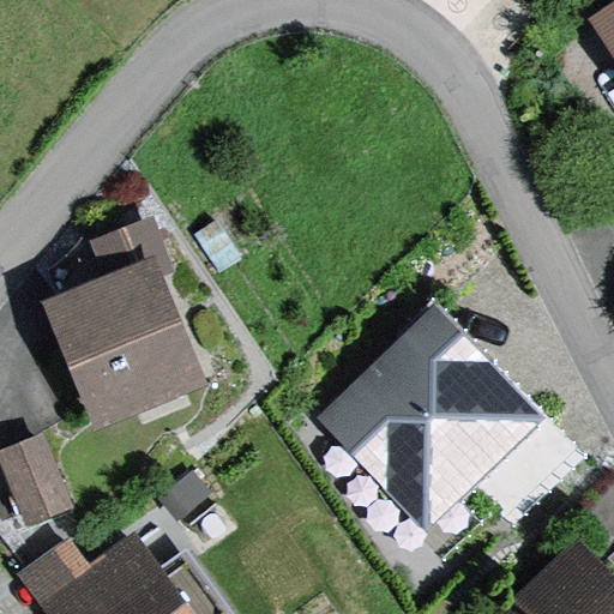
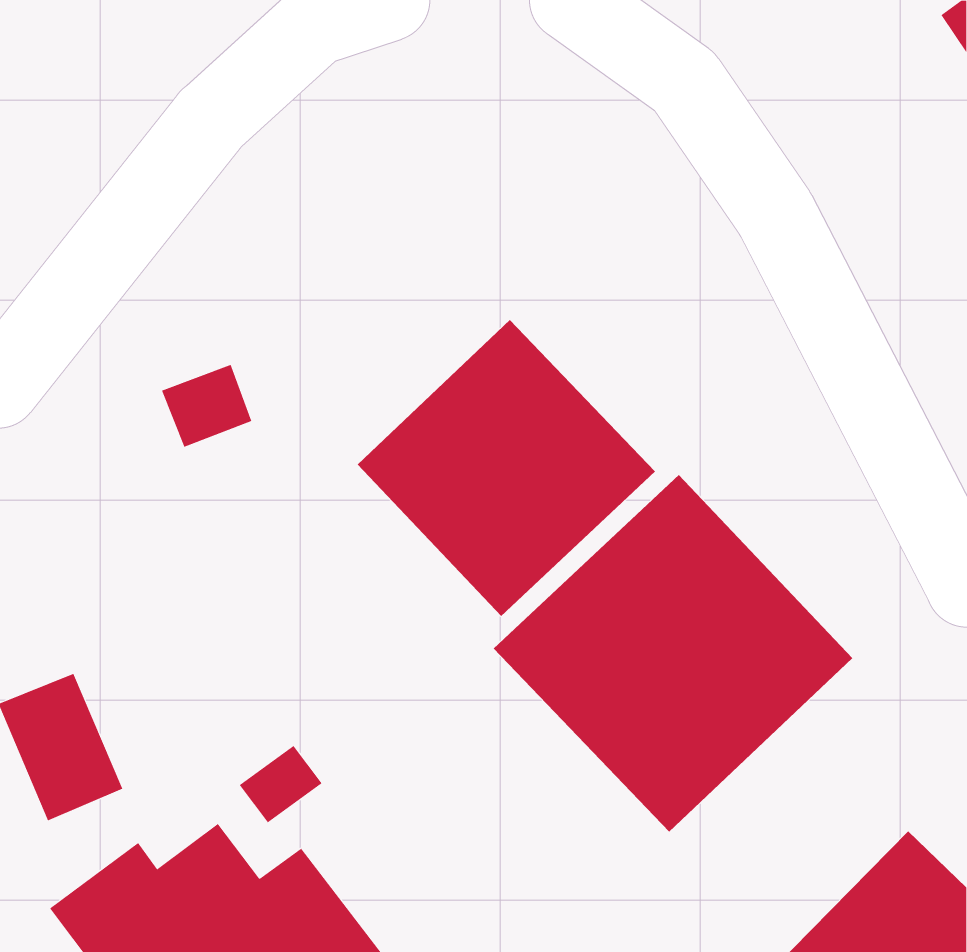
building: none -> [357,319,656,617]
building: [62,291,175,416] -> none

